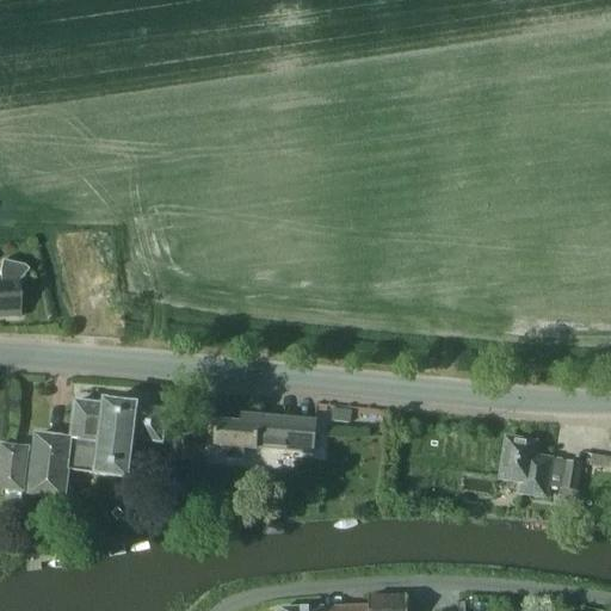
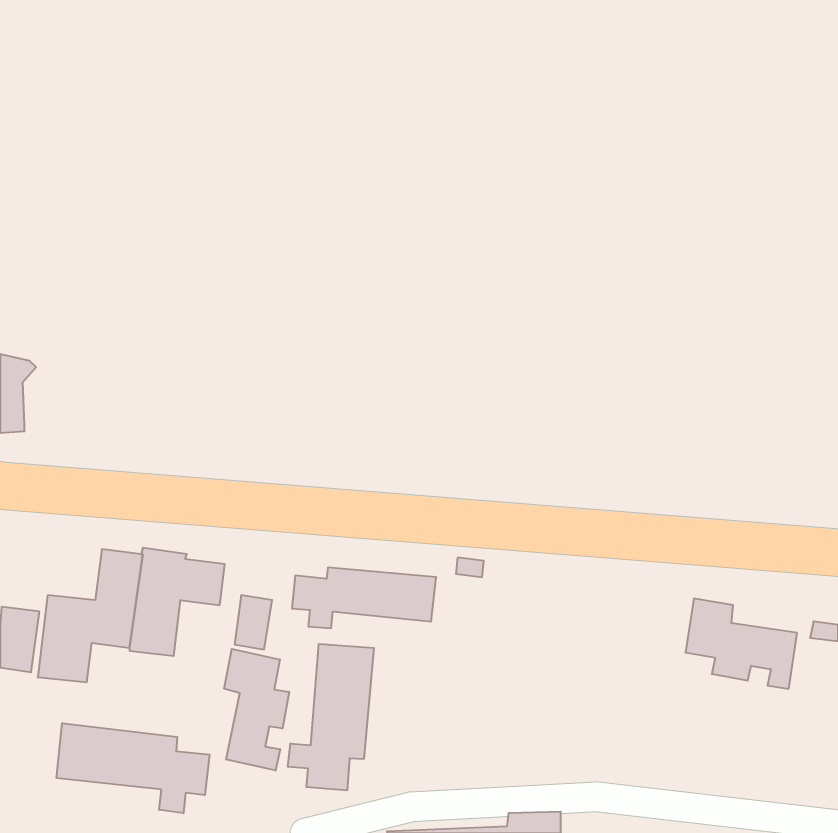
building: none -> [288,644,374,790]
building: none -> [224,649,289,771]
building: none -> [57,723,209,813]

